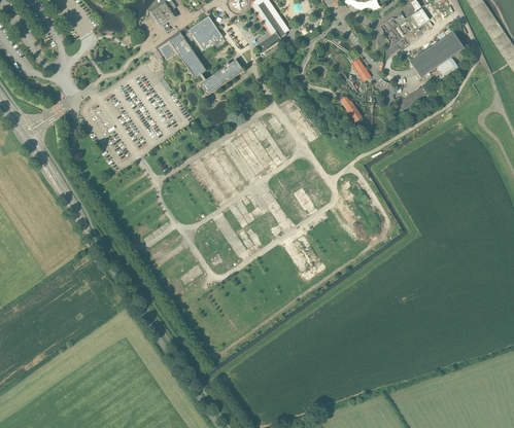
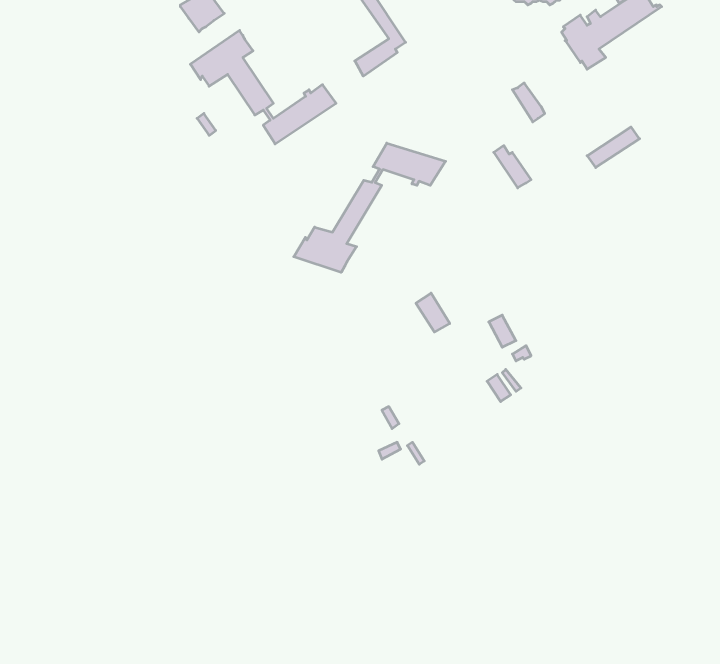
building: [187,14,224,50] -> none
building: [407,31,460,77] -> none
building: none -> [294,143,446,272]

